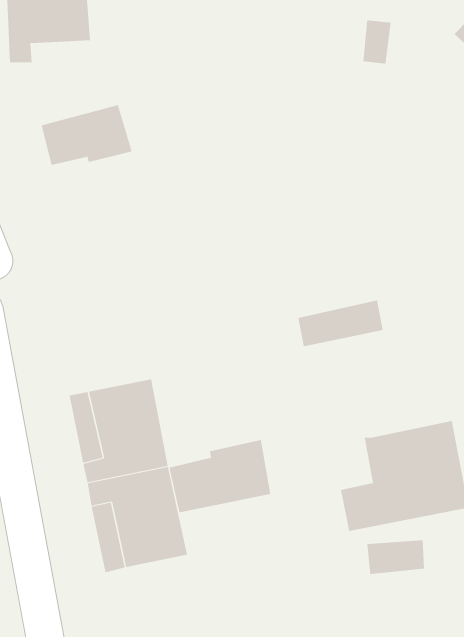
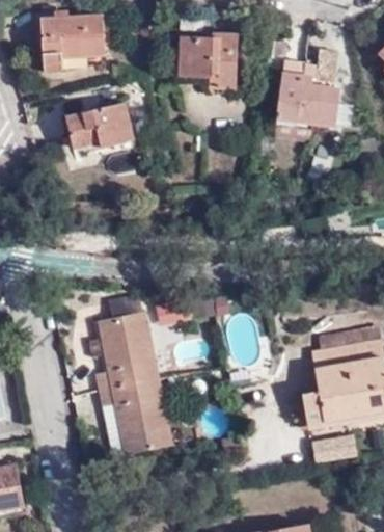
building: none -> [182,34,239,87]
building: none -> [272,68,331,119]
building: [297,300,383,347] -> [310,320,375,355]
building: [169,439,271,513] -> none

